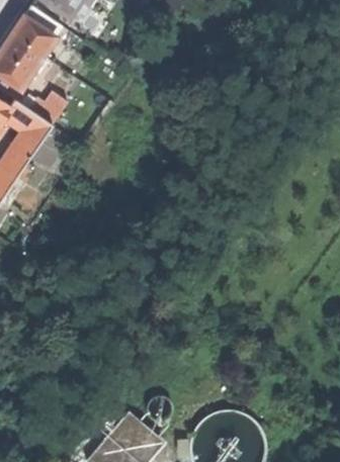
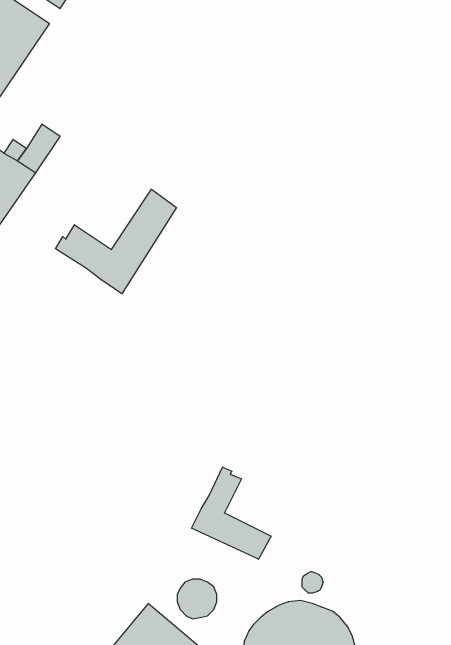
building: none -> [55,189,176,294]
building: none -> [192,467,271,559]

